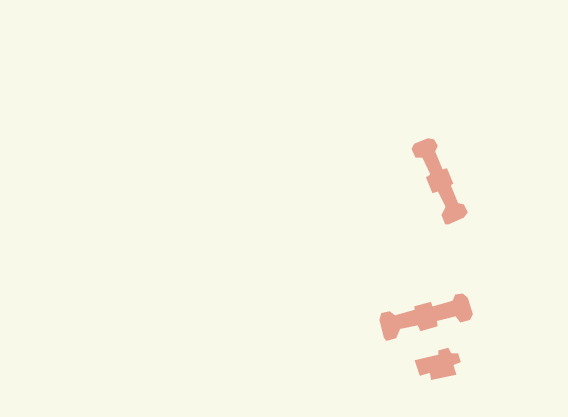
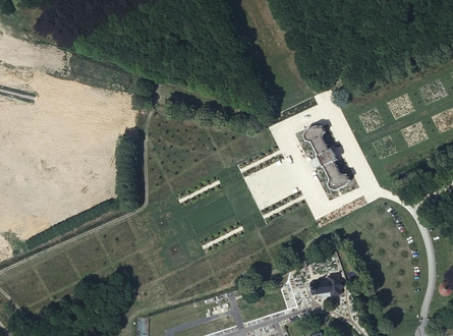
building: [379,293,474,342] -> none

